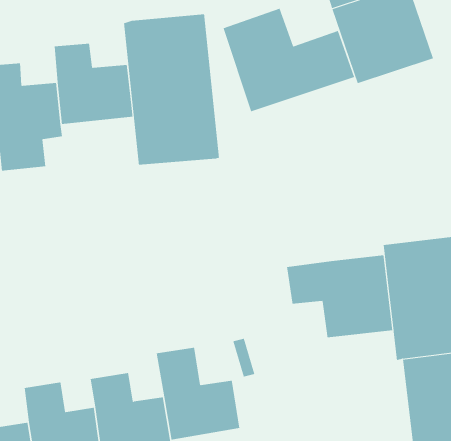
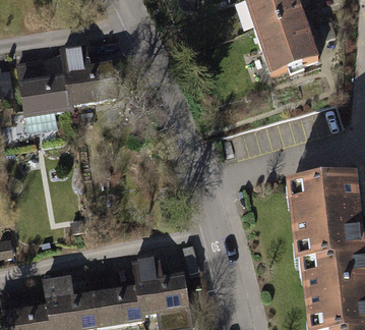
building: [223,8,355,112] -> none
building: [124,14,220,166] -> none
building: [287,254,393,338] -> none

